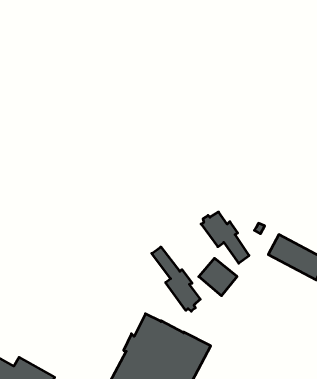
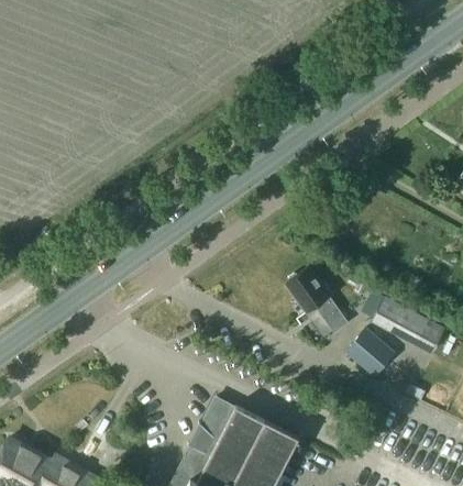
building: [152,247,200,311] -> none
building: [199,258,237,296] -> [345,329,394,376]

